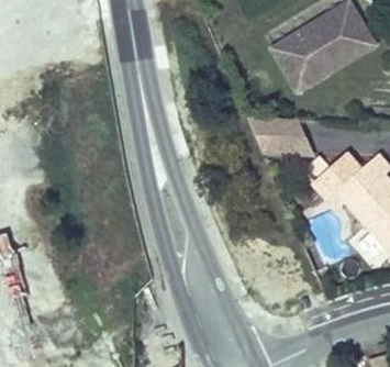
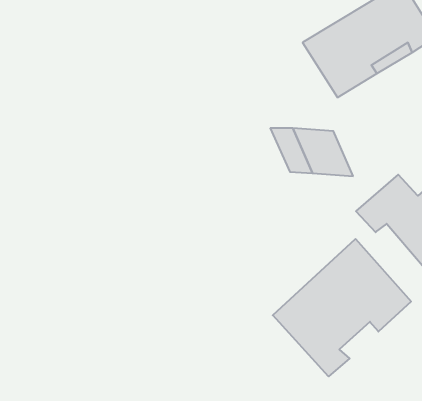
building: none -> [273,239,411,376]

